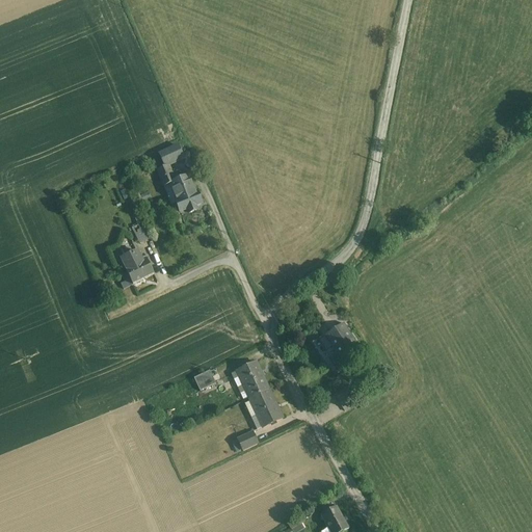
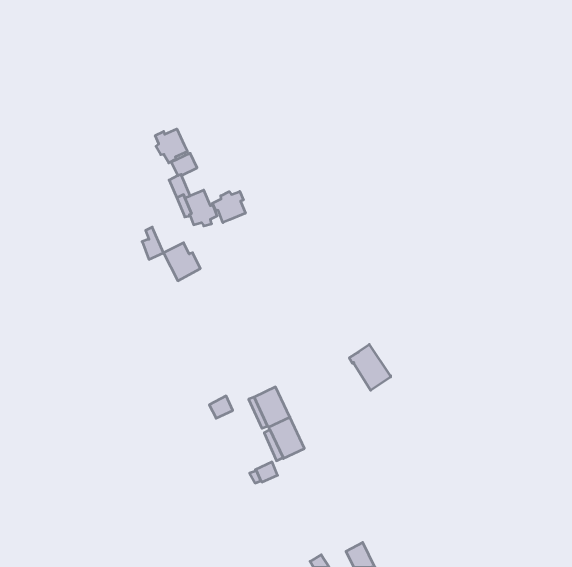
building: none -> [155,129,187,163]
building: none -> [212,191,245,223]
building: [119,247,154,283] -> [163,243,200,281]

